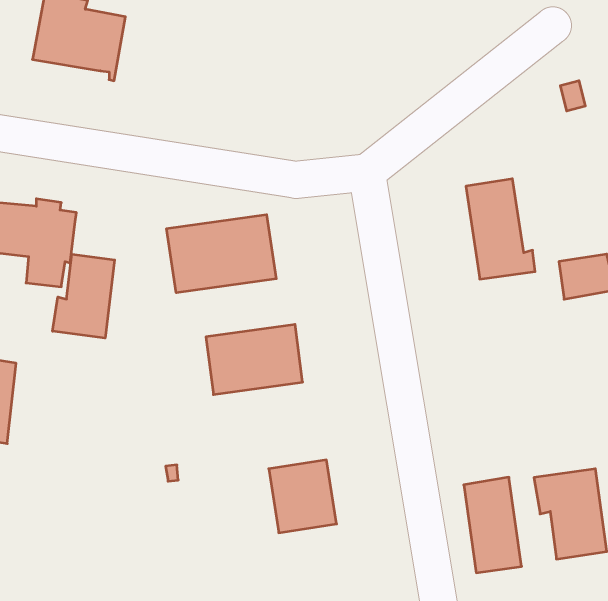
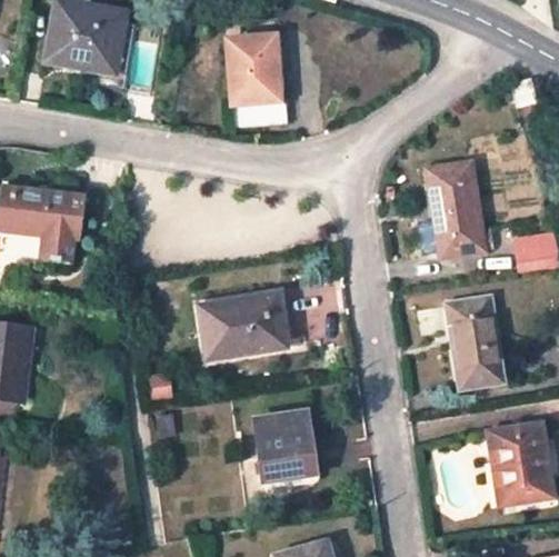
building: none -> [226,33,286,126]
building: [167,215,276,293] -> none
building: [53,254,115,338] -> none
building: [464,477,522,573] -> [450,299,501,384]

